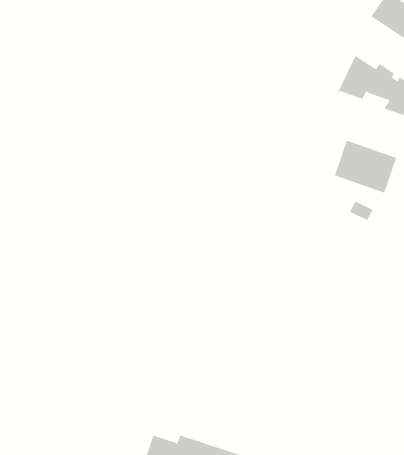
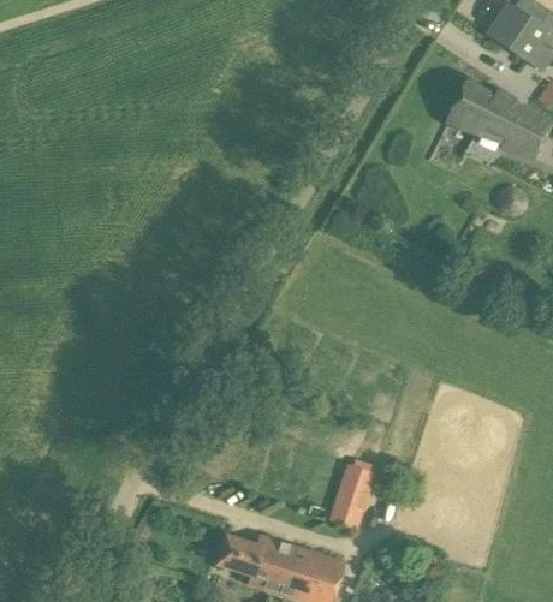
building: [334,140,397,194] -> none
building: none -> [329,464,376,529]

